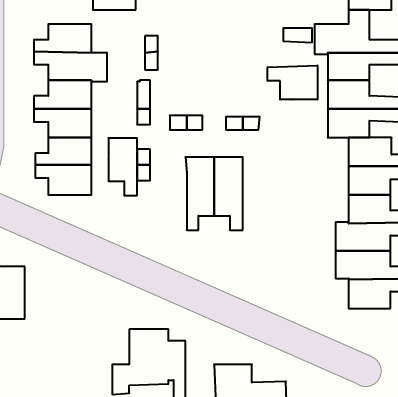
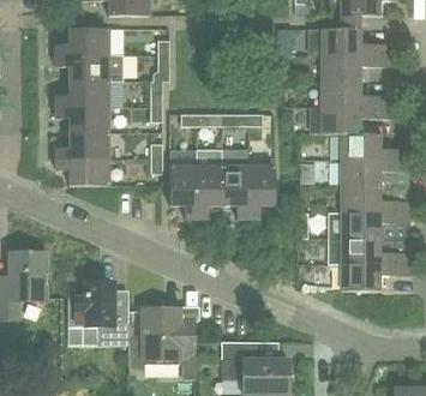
building: [268,65,317,100] -> none
building: [108,138,137,195] -> [168,166,194,218]
building: none -> [246,164,272,218]
building: none -> [66,281,126,346]

